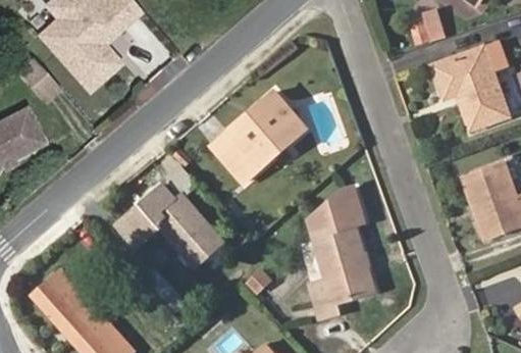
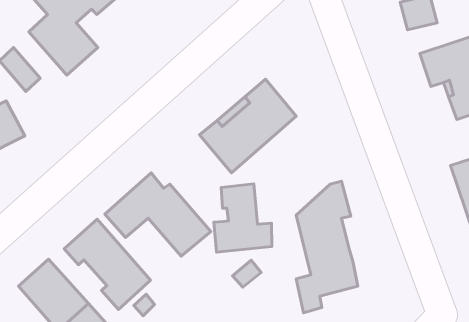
building: none -> [214,184,272,252]
building: none -> [64,219,150,309]

